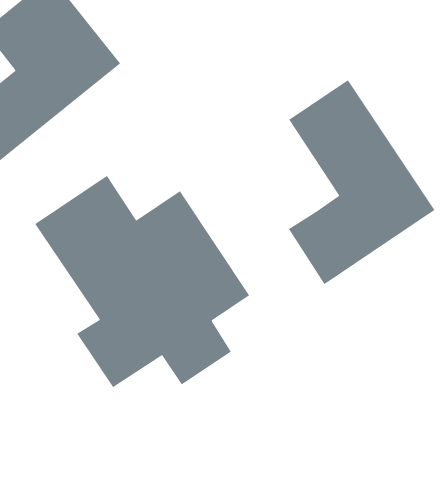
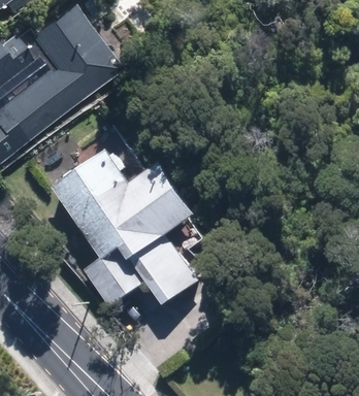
building: [288,79,436,285] -> none

